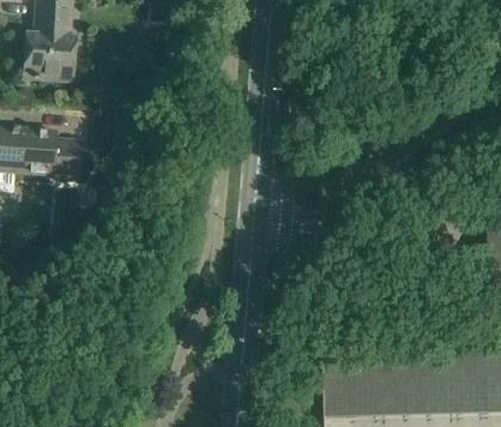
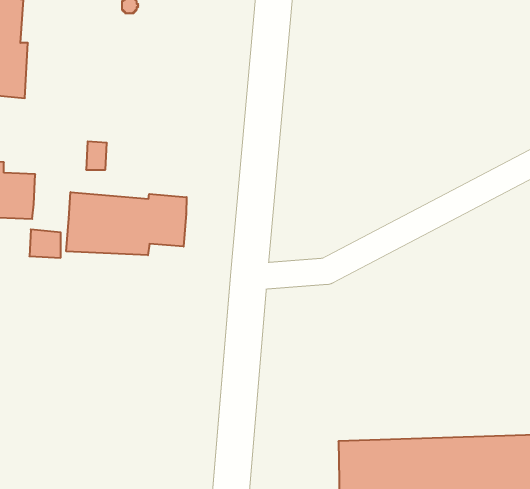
building: none -> [66,192,187,255]

